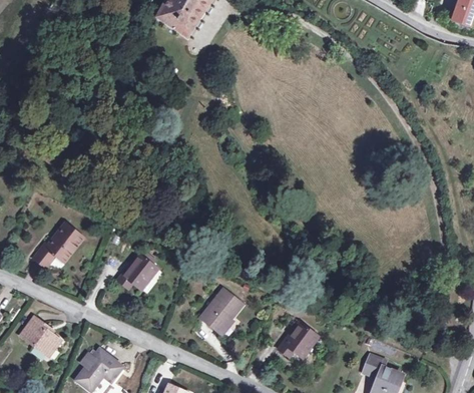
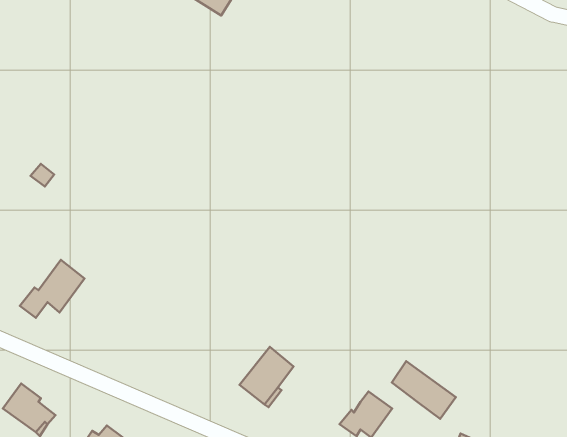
building: [116,255,156,289] -> none
building: none -> [392,361,456,419]

